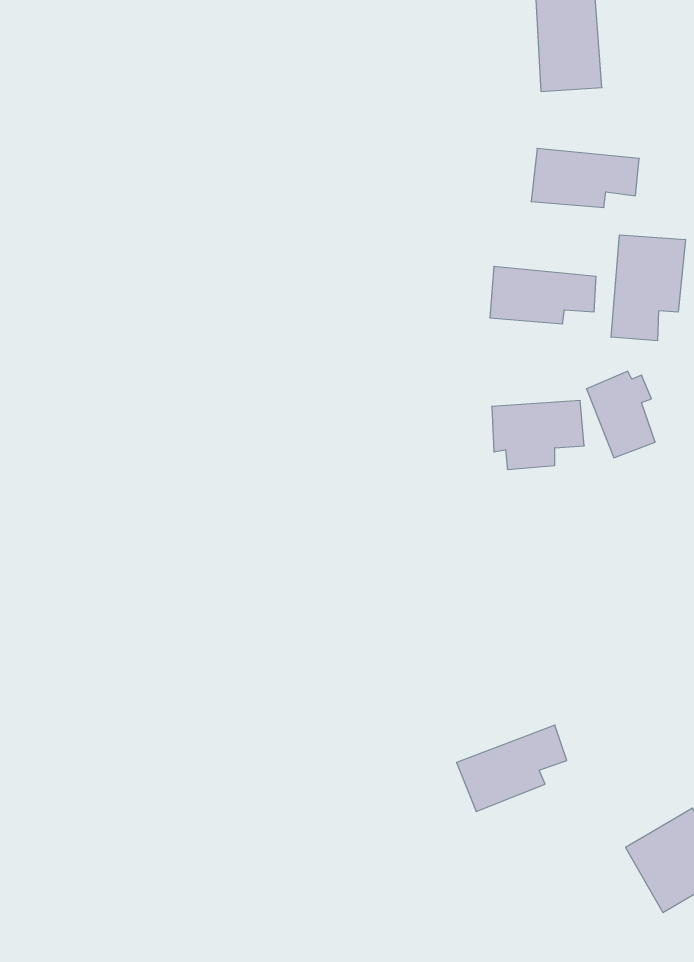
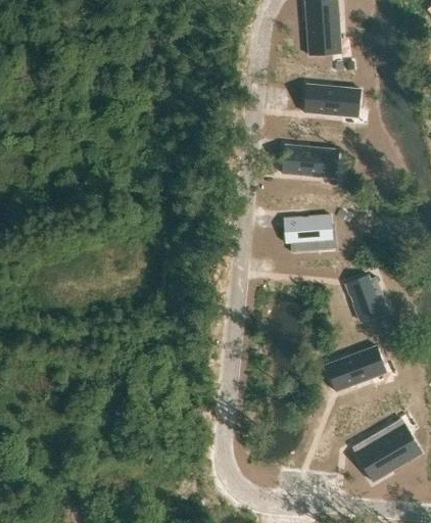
building: [611,235,685,341] -> none
building: [586,371,655,458] -> [346,276,382,321]
building: [457,725,567,812] -> [326,346,383,391]

